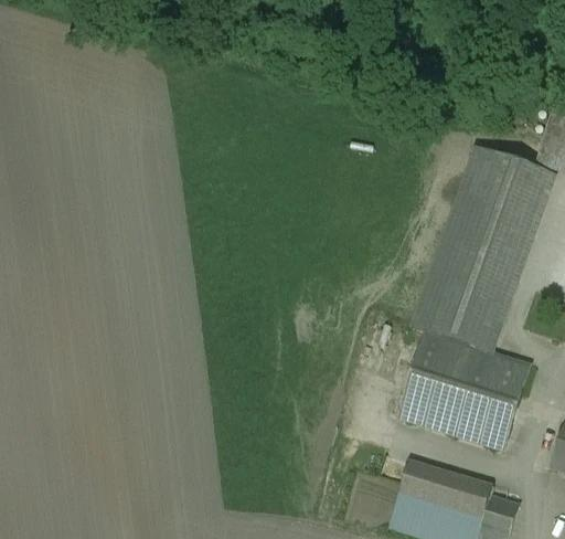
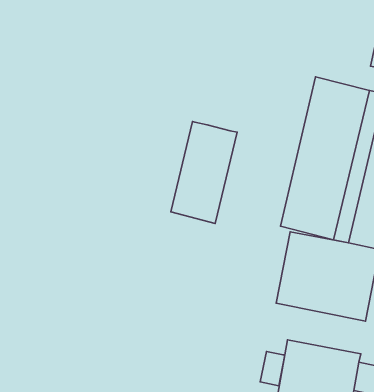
building: none -> [171,122,237,223]
building: none -> [260,351,285,386]

